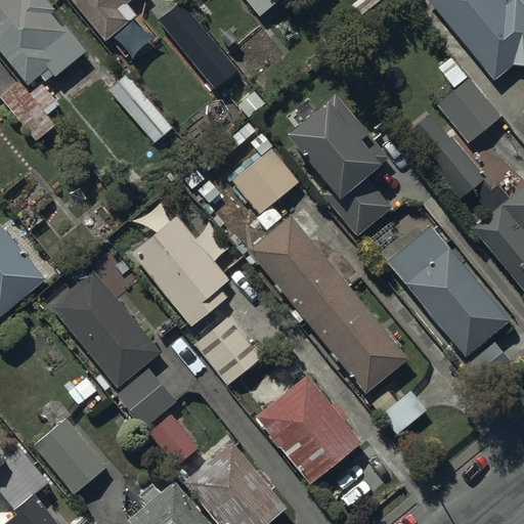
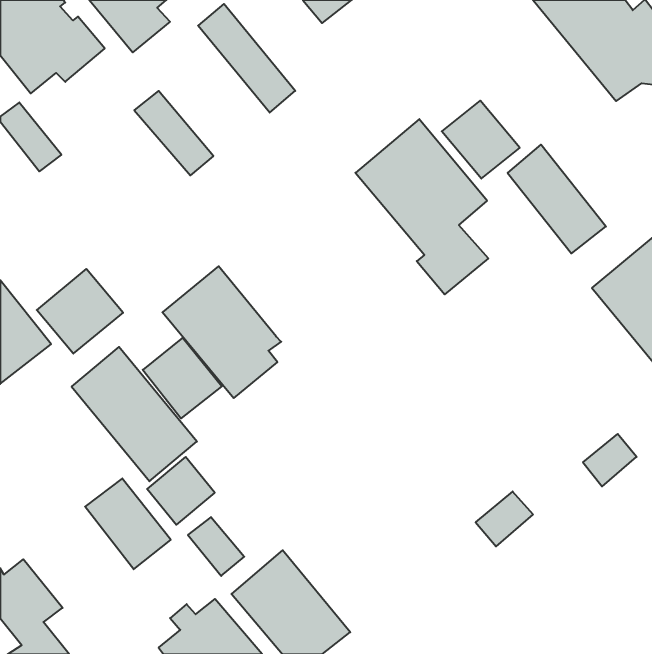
building: [440,81,503,143] -> [442,101,520,179]
building: [232,146,296,210] -> none
building: none -> [37,269,123,354]
building: [248,220,410,398] -> none
building: [390,230,510,358] -> none
building: [196,314,260,379] -> [143,338,222,418]
building: [258,374,360,479] -> none
building: [37,417,105,489] -> [85,478,171,569]

